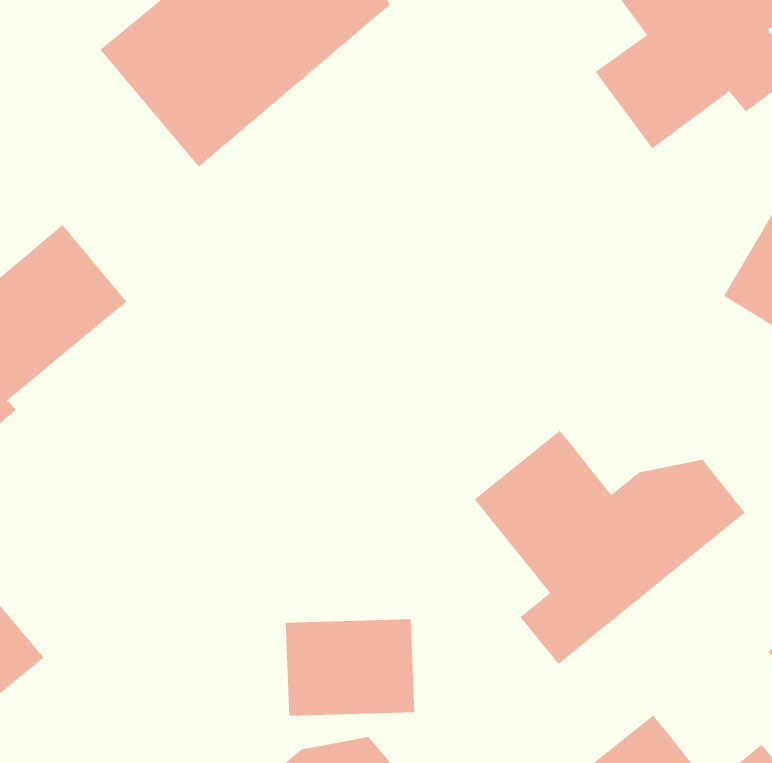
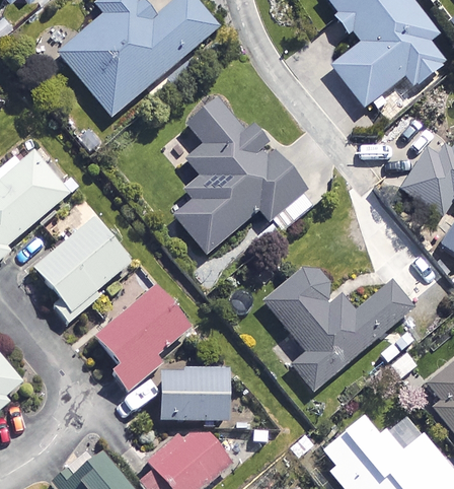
building: none -> [174,98,305,257]
building: none -> [34,216,132,320]
building: none -> [95,285,191,389]

